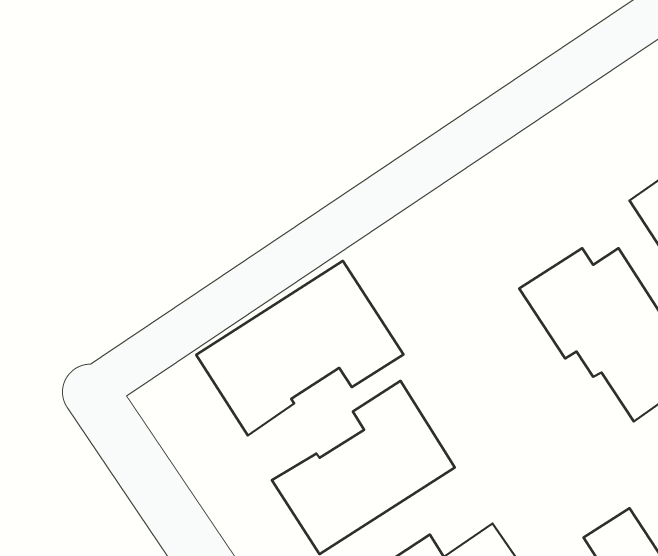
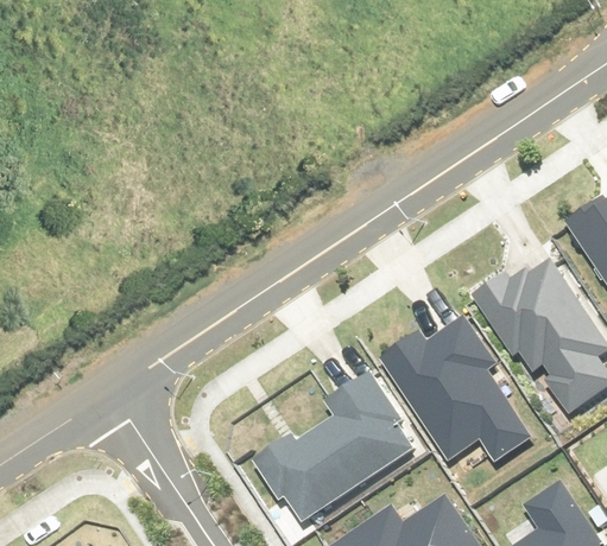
building: [196,261,404,436] -> none
building: none -> [387,320,526,452]

